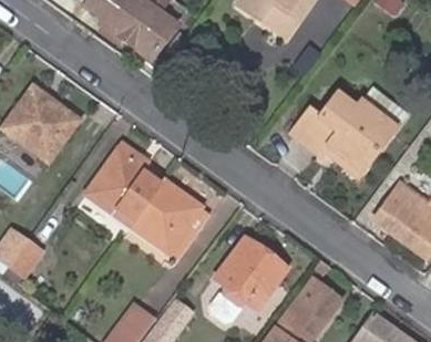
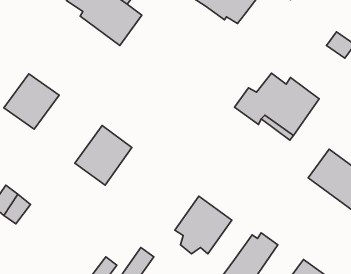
building: [132,180,202,251] -> none

